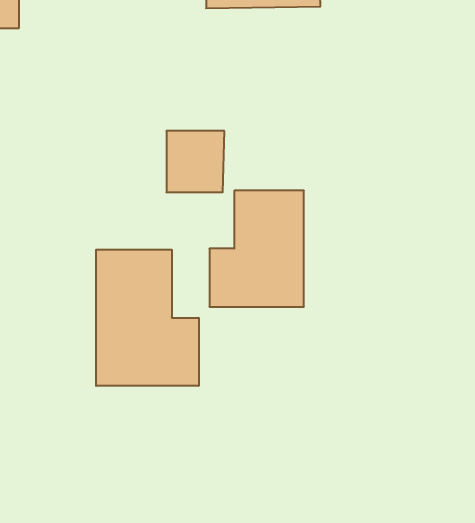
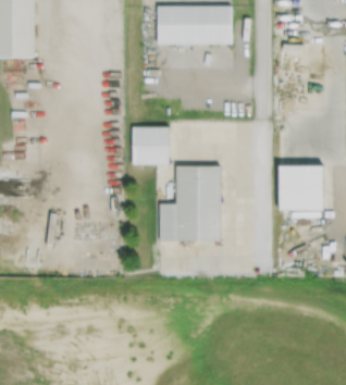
building: none -> [279,164,323,210]
building: [96,250,199,386] -> none

